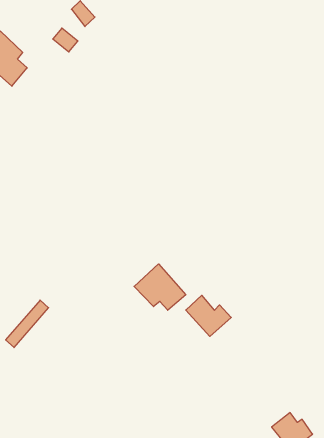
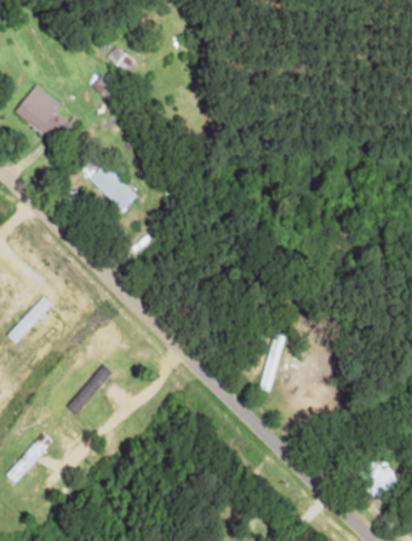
building: none -> [81,161,137,211]
building: [134,264,186,310] -> none

